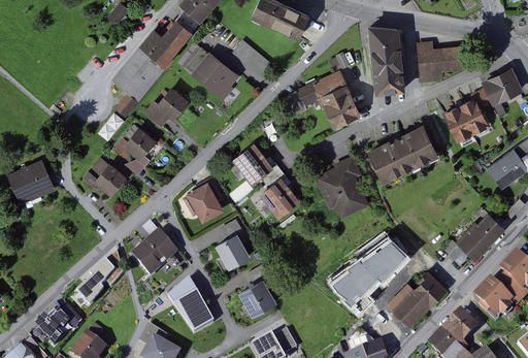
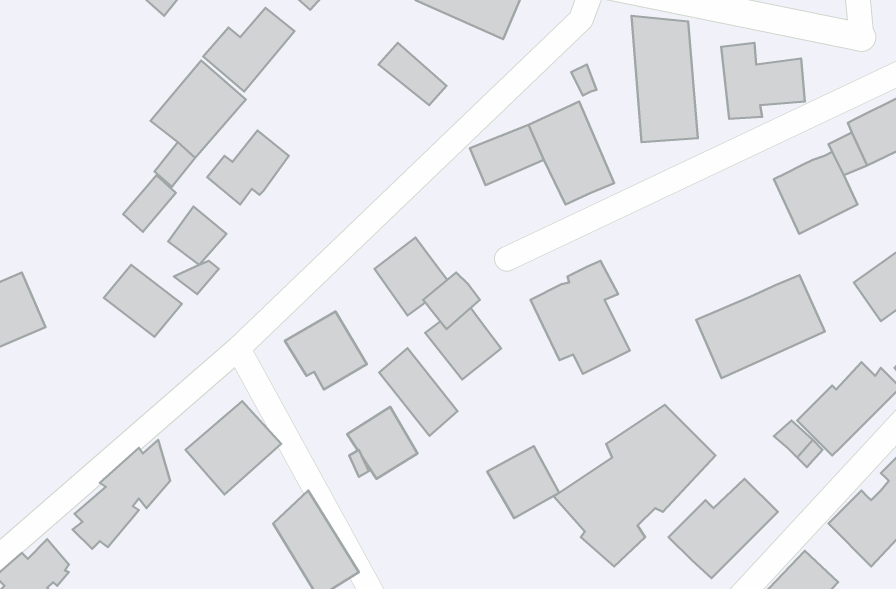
building: [193,54,241,101] -> none
building: [369,127,437,182] -> [696,275,825,378]
building: none -> [379,348,458,436]
building: [242,281,280,319] -> [487,446,559,518]

